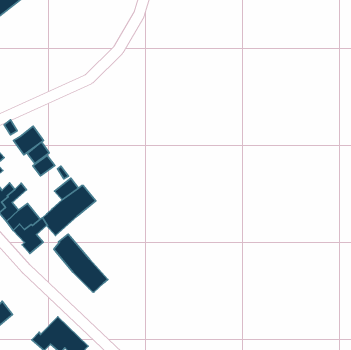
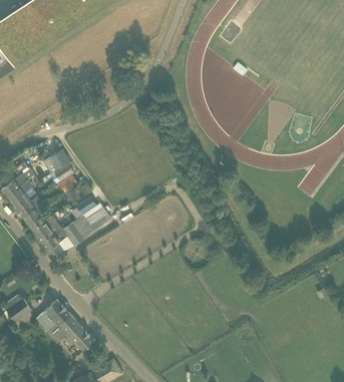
building: [54,234,108,292] -> none
building: none -> [34,300,70,333]

